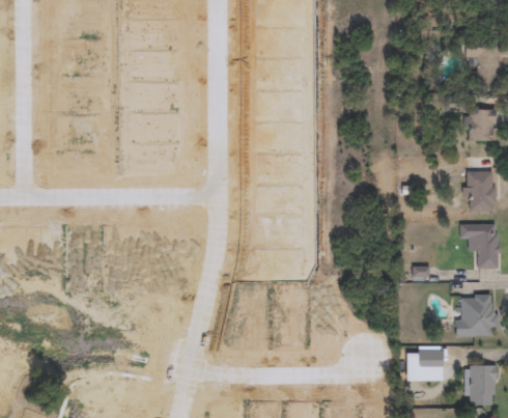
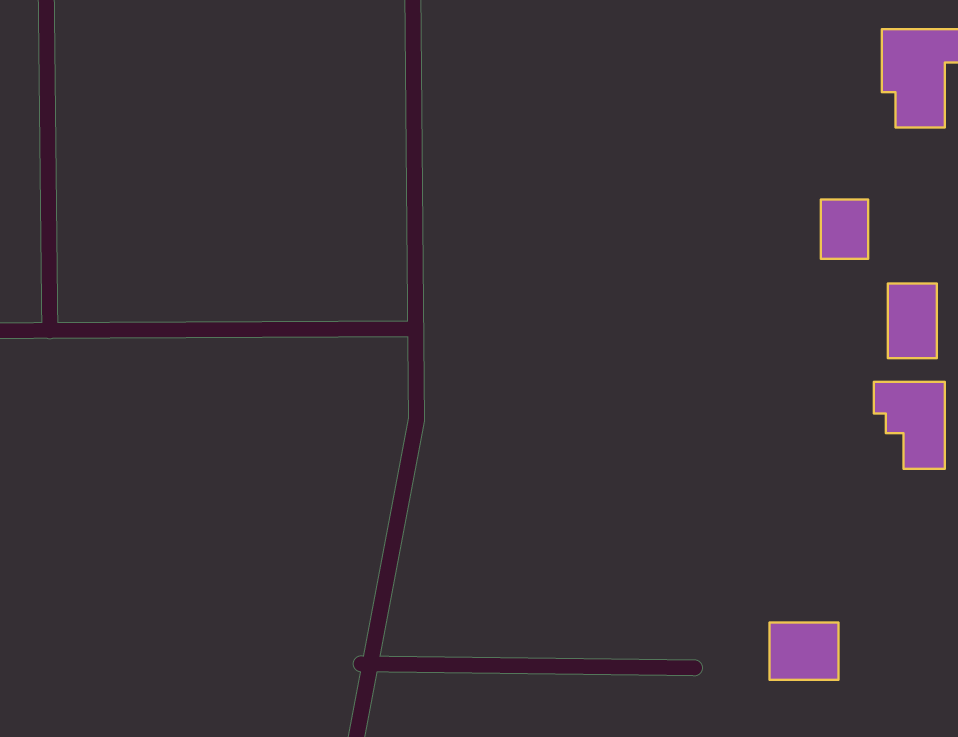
building: [470,110,495,141] -> [821,200,868,259]
building: [459,296,497,337] -> none
building: [471,365,497,405] -> none

